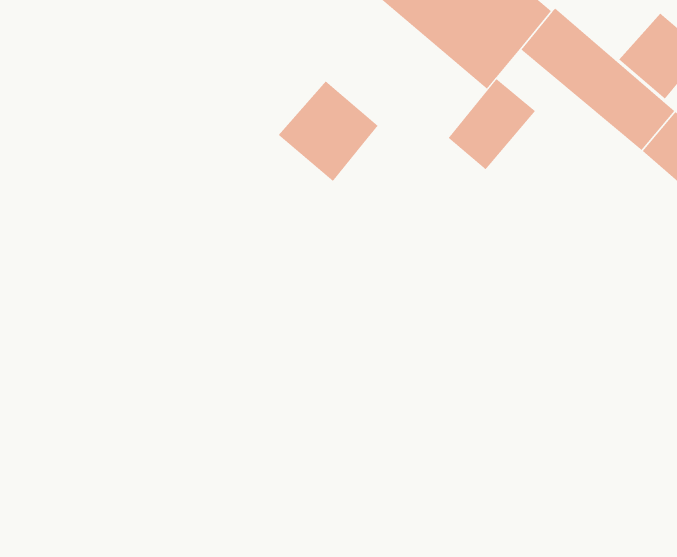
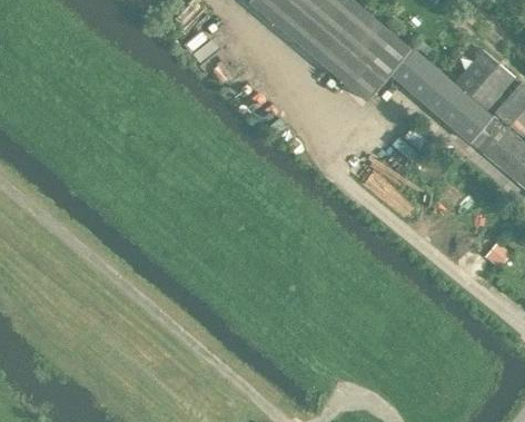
building: [448,78,536,170] -> none
building: [278,80,379,182] -> none

